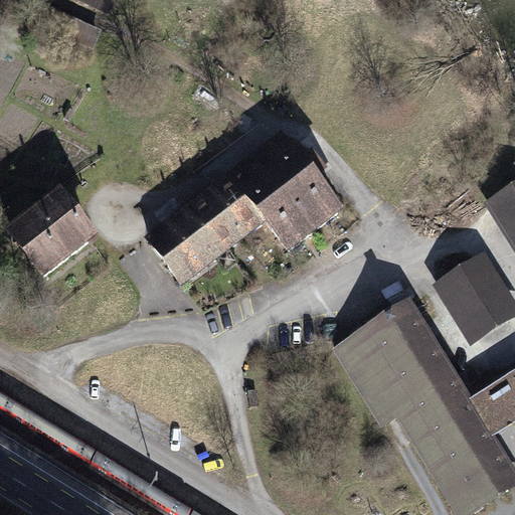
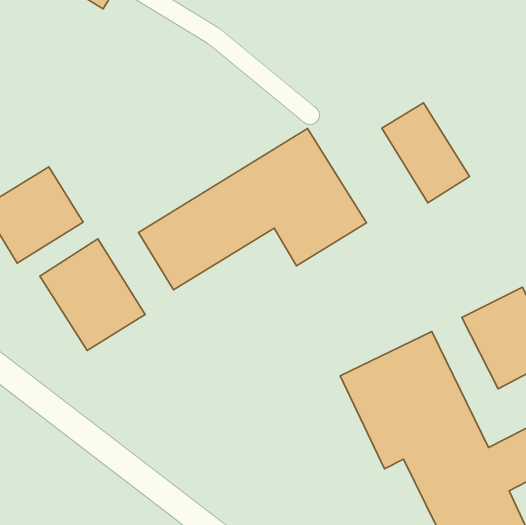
building: none -> [382,103,470,203]
building: none -> [40,239,145,350]

